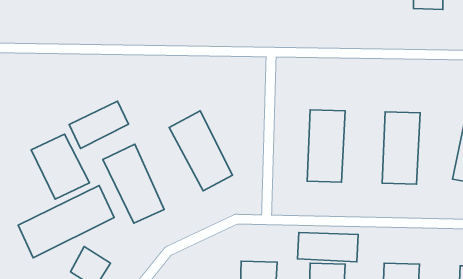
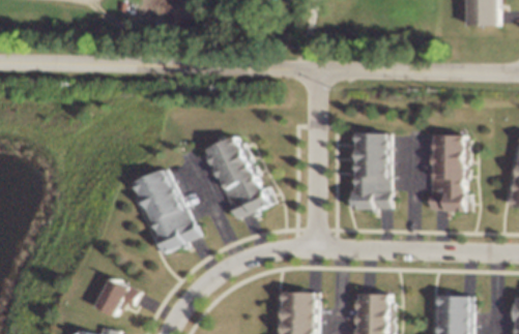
building: [69,101,129,148] -> none
building: [31,134,89,199] -> none
building: [18,186,114,258] -> none
building: [297,233,358,262] -> none

